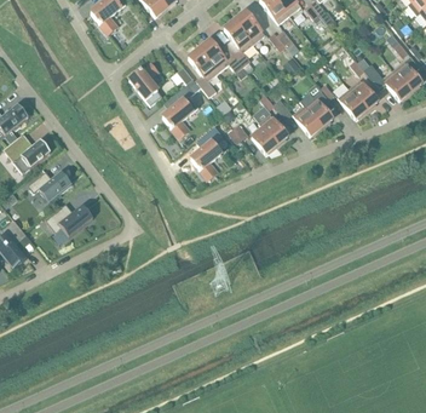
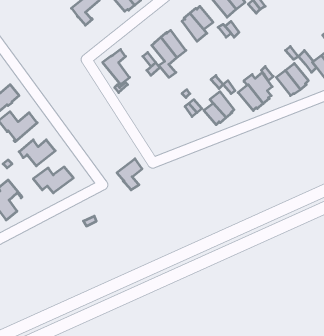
building: [162,94,198,137] -> none
building: [190,140,220,178] -> [117,159,142,190]

